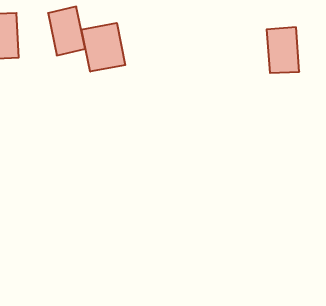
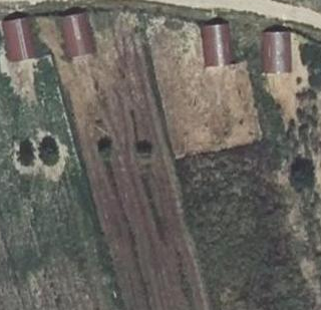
building: none -> [202,23,233,67]
building: [82,23,125,72] -> none

